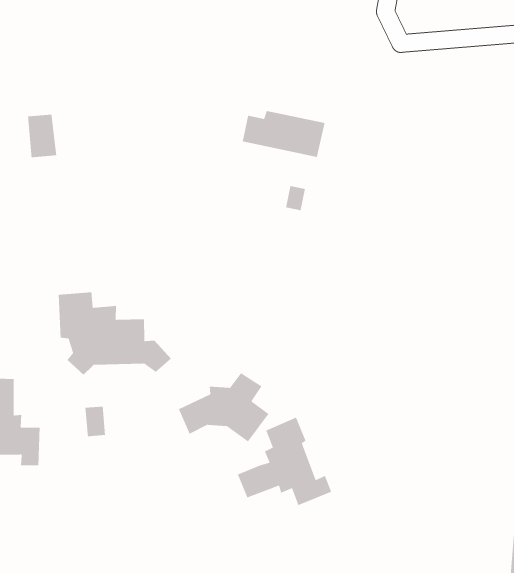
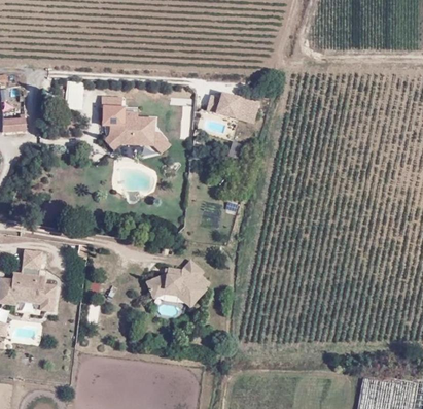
building: [58,291,172,376] -> [100,96,172,152]
building: [237,417,332,506] -> none

